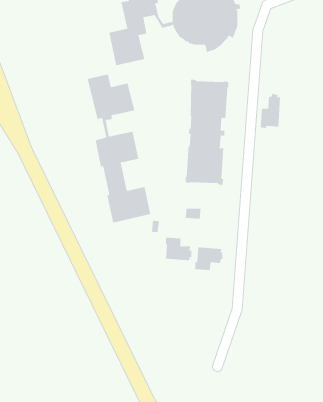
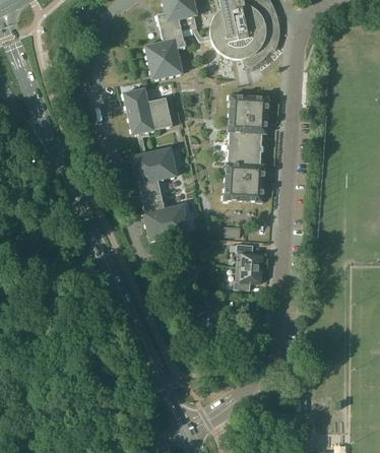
building: [260,93,280,129] -> none
building: [165,237,192,261] -> [237,243,264,267]

